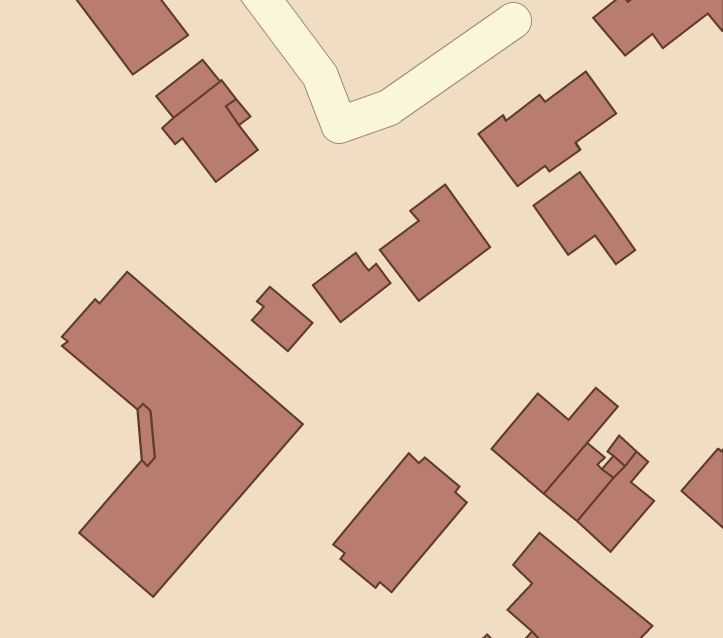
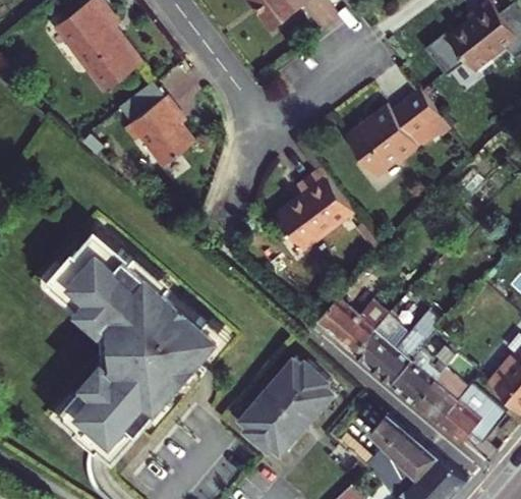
building: [533,172,635,264] -> none
building: [313,253,391,322] -> none
building: [252,287,313,351] -> none
building: none -> [315,299,387,354]
building: none -> [437,389,504,447]

